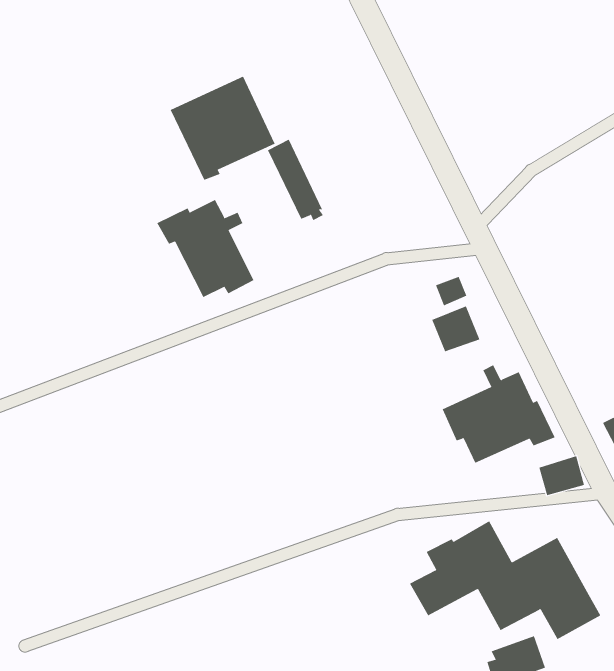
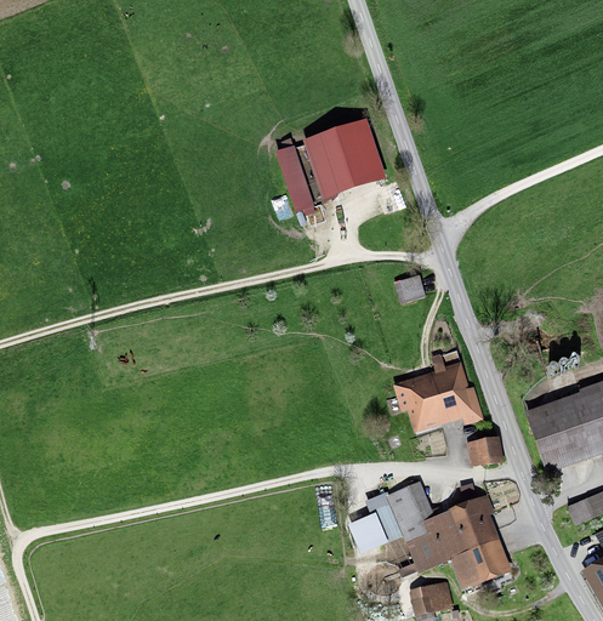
building: [170,76,275,181] -> [303,119,387,201]
building: [156,199,254,298] -> none
building: [432,306,480,352] -> none

